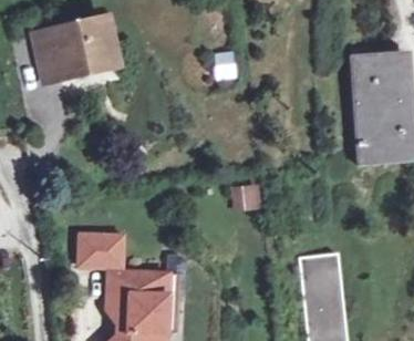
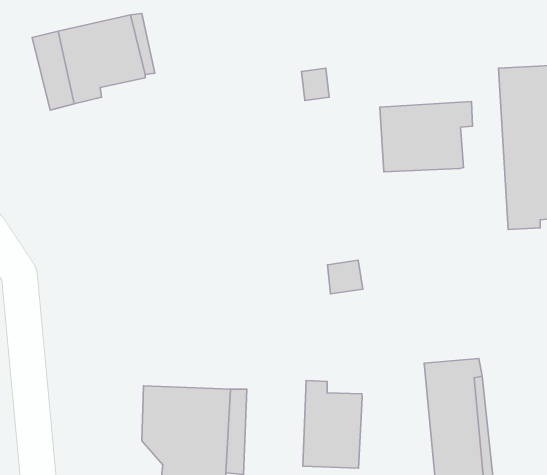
building: none -> [380,102,473,172]
building: [80,235,122,267] -> none
building: none -> [303,380,362,468]

